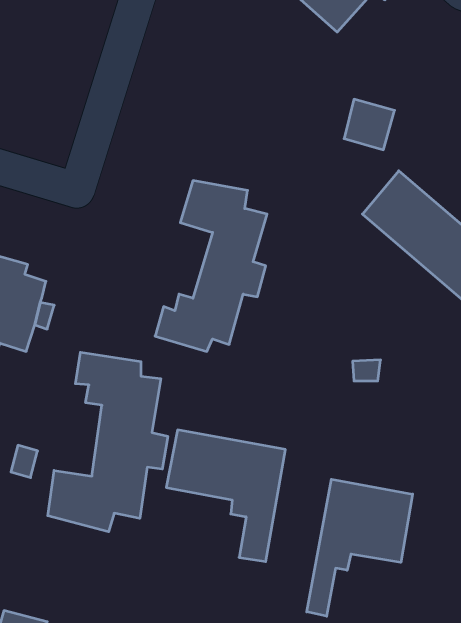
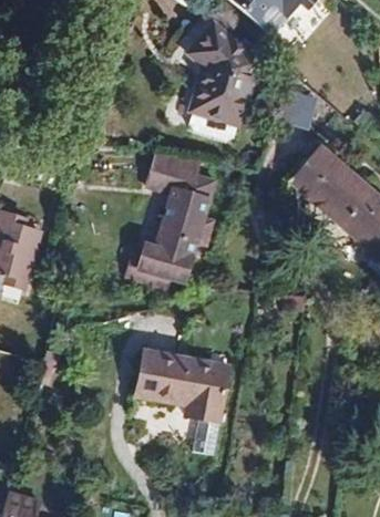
building: none -> [188,22,258,139]
building: [48,352,168,532] -> none
building: [307,479,413,616] -> none

